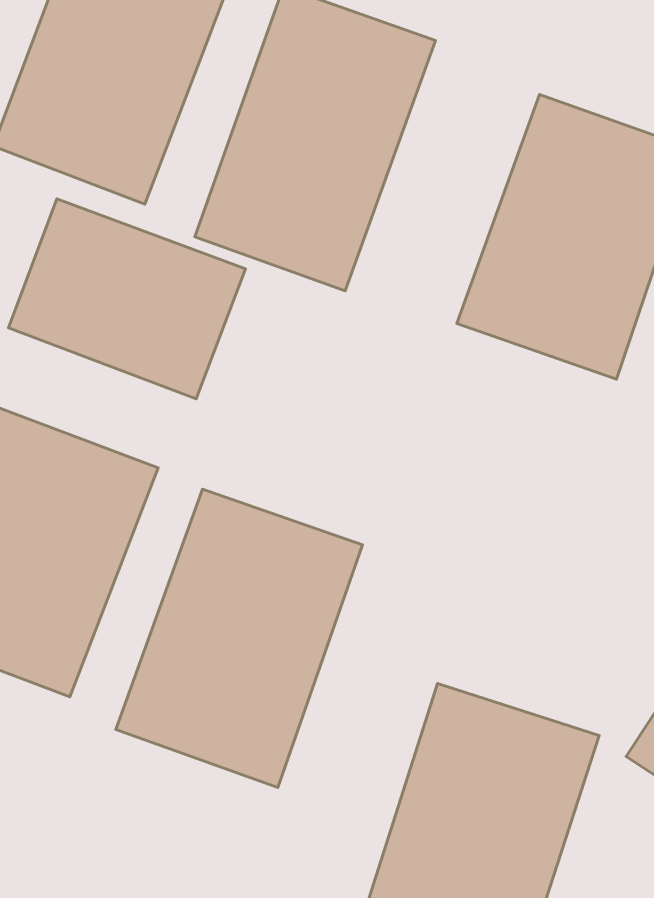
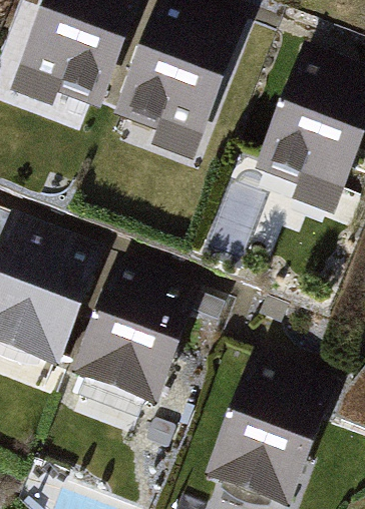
building: [9,199,245,399] -> none

